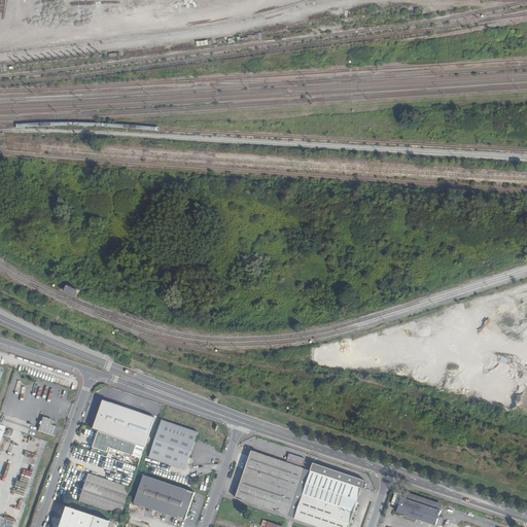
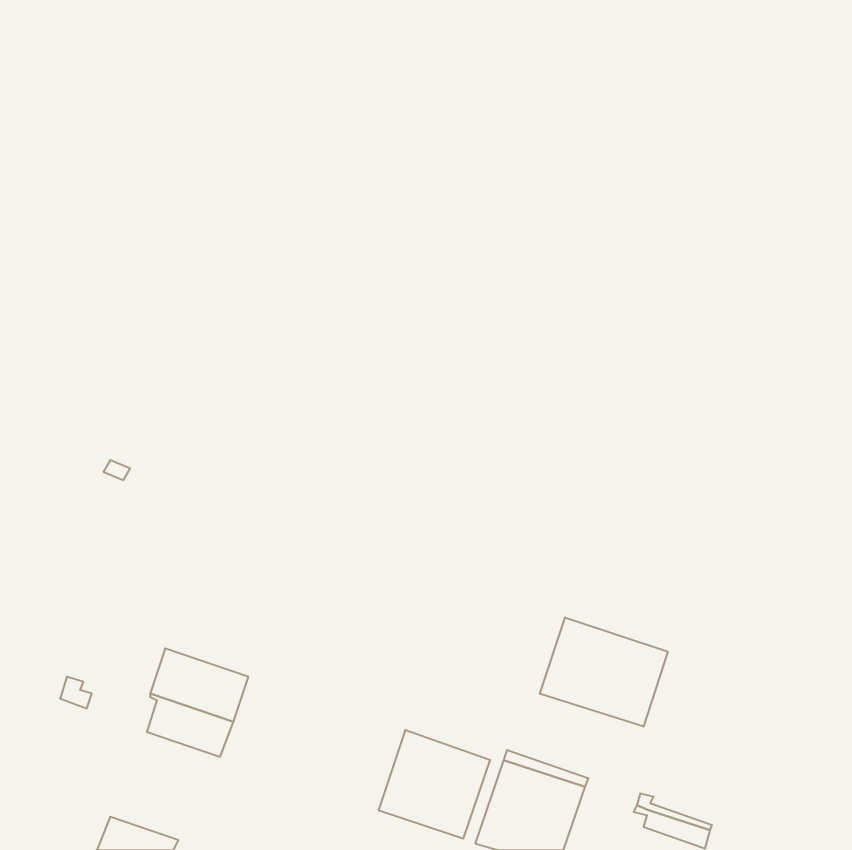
building: none -> [540,617,668,727]
building: [148,421,197,471] -> none
building: [78,472,130,515] -> none
building: [134,473,195,519] -> none

